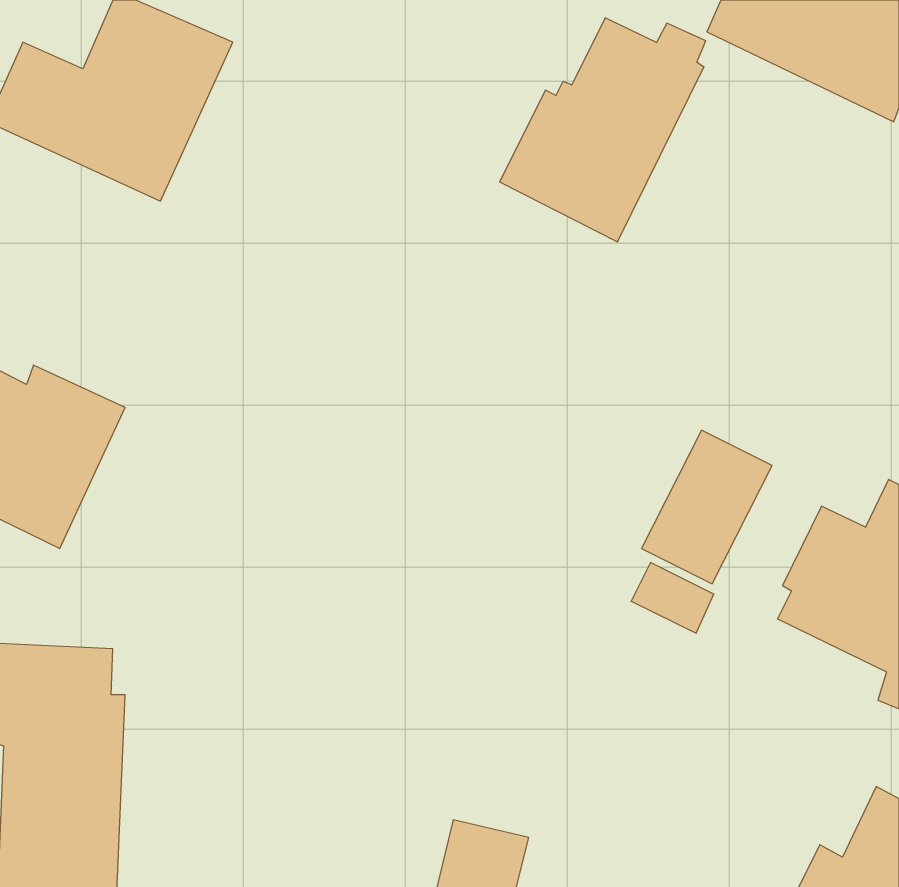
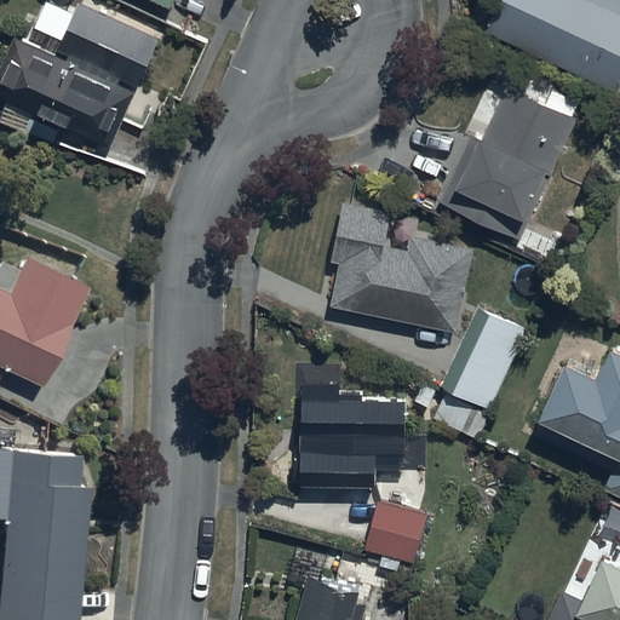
building: [500,18,706,242] -> [438,86,580,240]
building: none -> [332,205,473,331]
building: none -> [302,379,411,483]
building: none -> [362,500,429,574]

